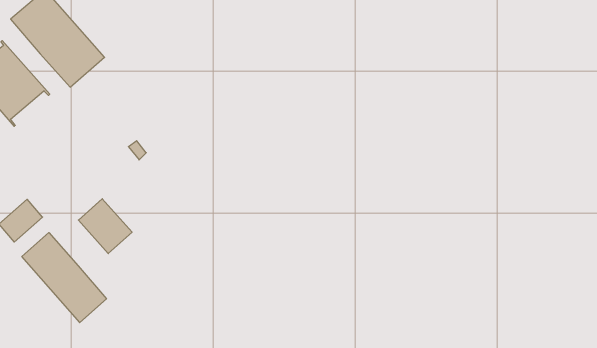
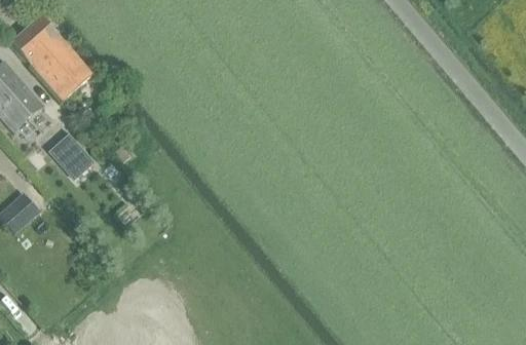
building: [78,199,132,254] -> [47,133,93,181]
building: [22,233,106,323] -> none

